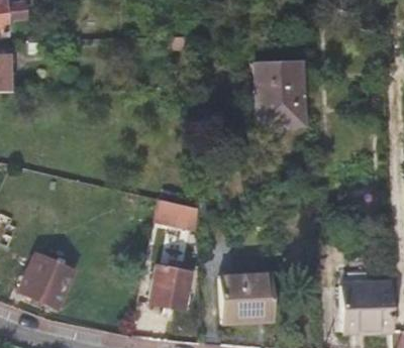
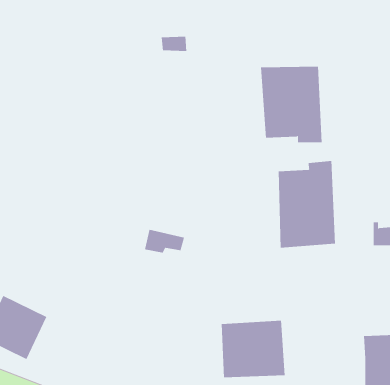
building: none -> [278,160,336,249]
building: [149,264,192,310] -> none

